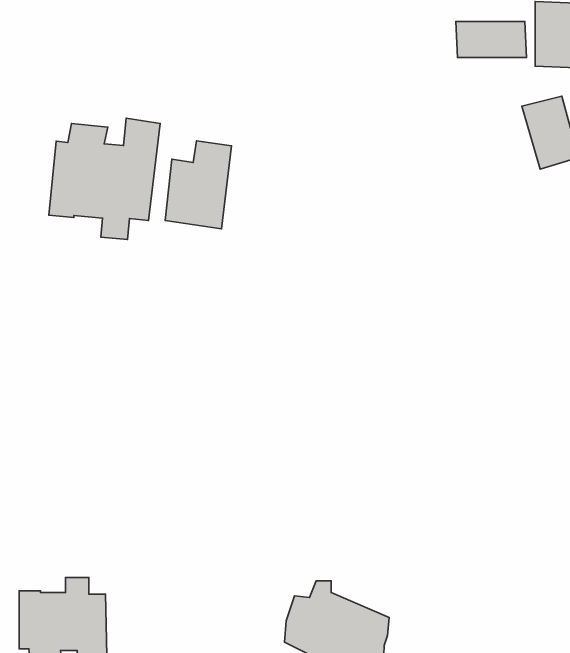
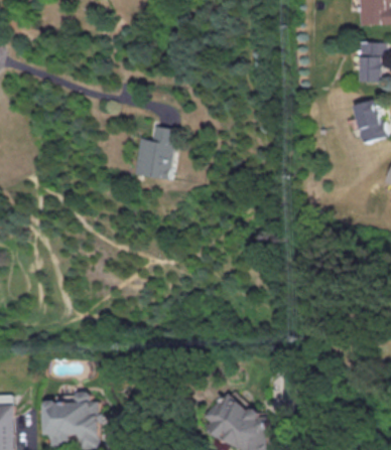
building: [456,21,526,58] -> none
building: [49,118,160,240] -> none

